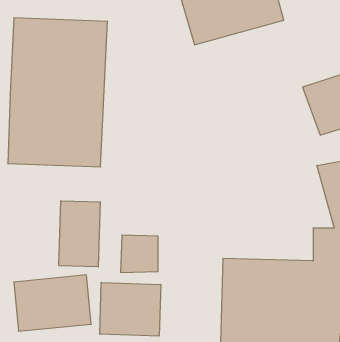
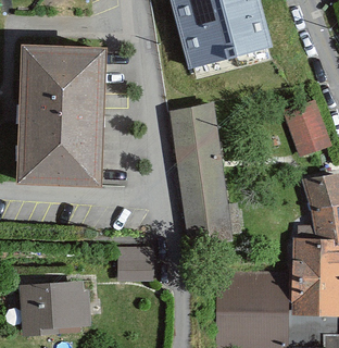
building: none -> [167,101,233,245]
building: [59,201,100,267] -> none
building: [100,282,161,336] -> none

